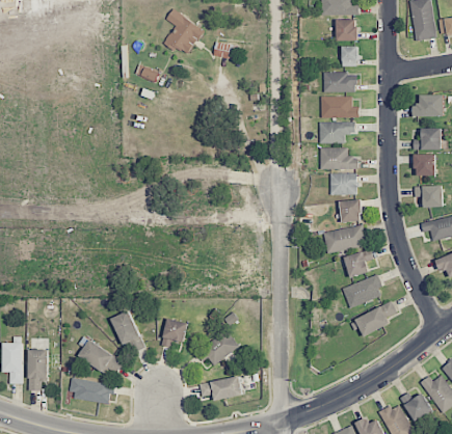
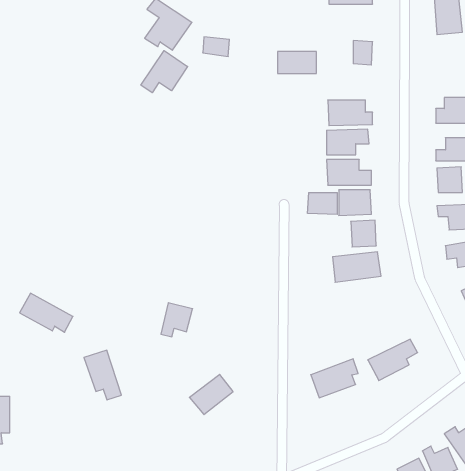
building: [336,20,356,40] -> none
building: none -> [141,51,188,93]
building: [323,73,356,91] -> [278,52,316,73]
building: none -> [308,193,337,214]
building: [344,249,373,277] -> none
building: [342,274,382,307] -> [311,359,358,398]
building: [161,318,188,347] -> [161,303,193,337]
building: [78,341,124,374] -> [20,293,73,332]
building: [200,378,242,400] -> none
building: [68,379,112,402] -> none

